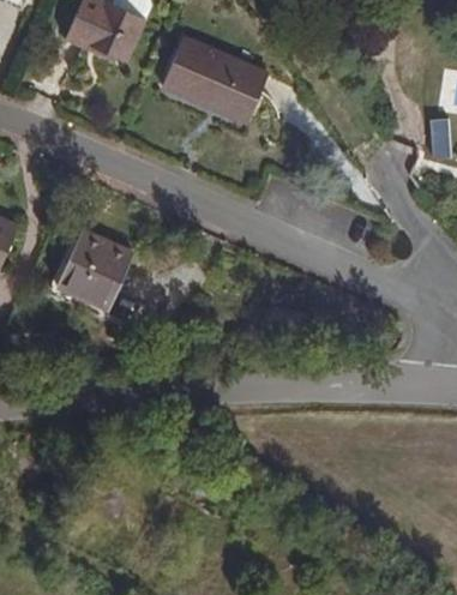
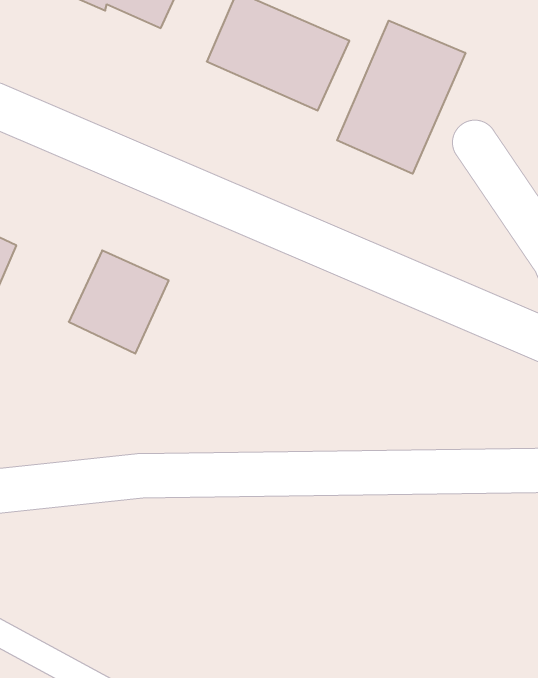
building: none -> [337,21,465,174]

